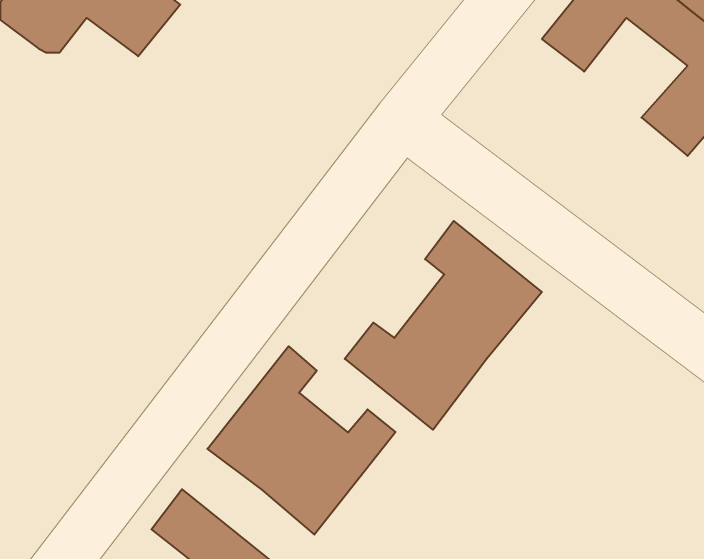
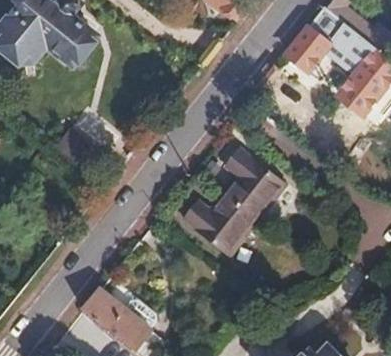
building: [207,346,395,535] -> none

